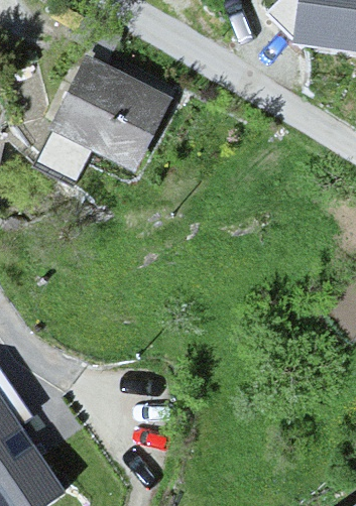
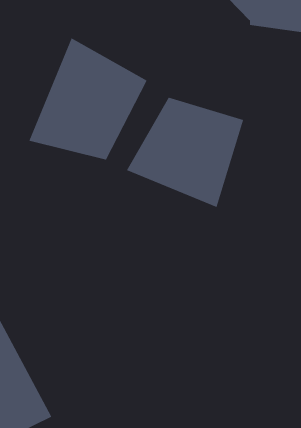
building: none -> [126,97,244,208]

